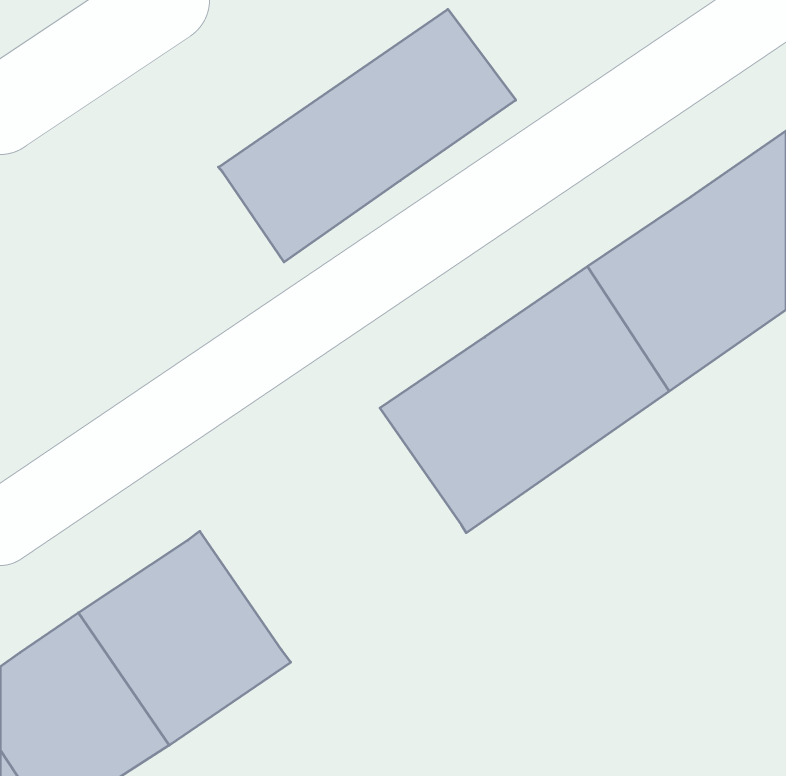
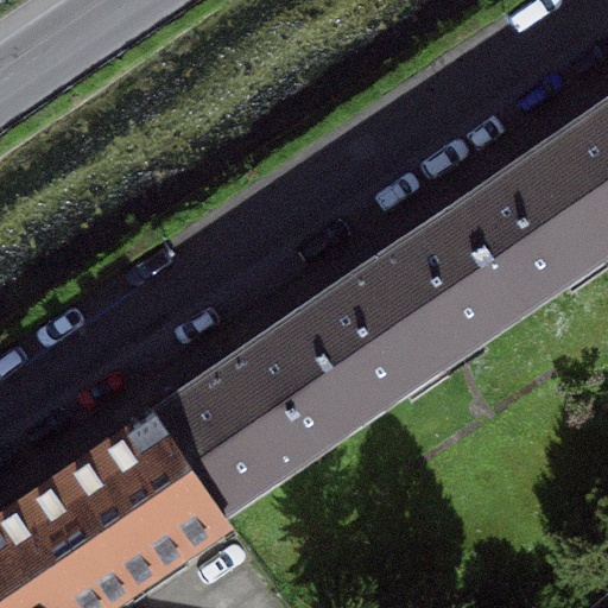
building: [218,9,516,262] -> none
building: none -> [154,323,356,509]

